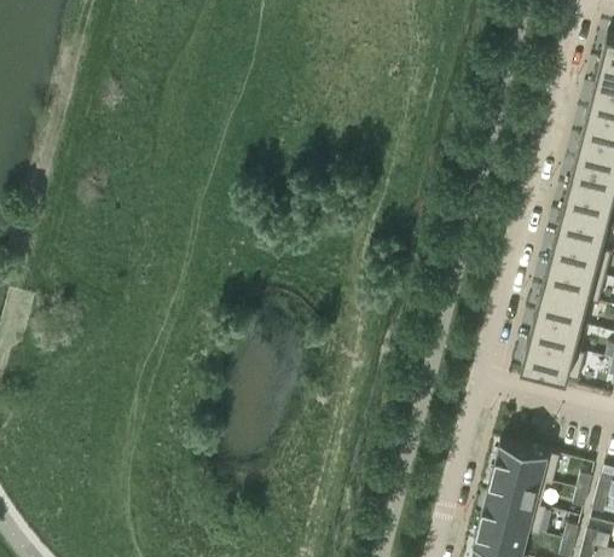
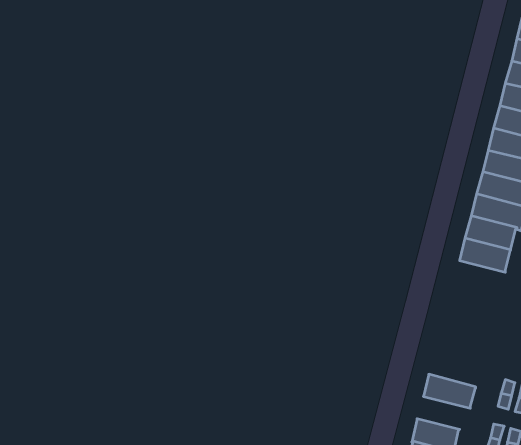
building: [522,340,587,383] -> none
building: [494,441,561,486] -> none
building: [481,494,548,536] -> none

